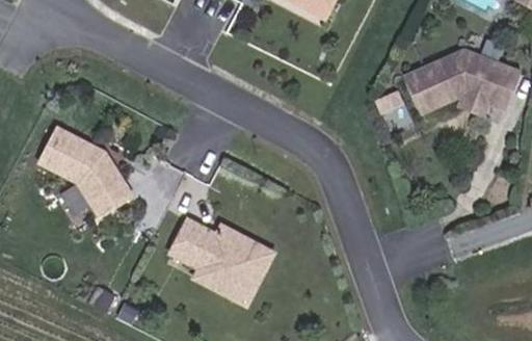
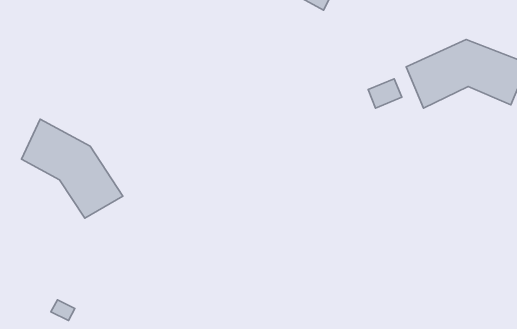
building: [168,215,276,309] -> none

